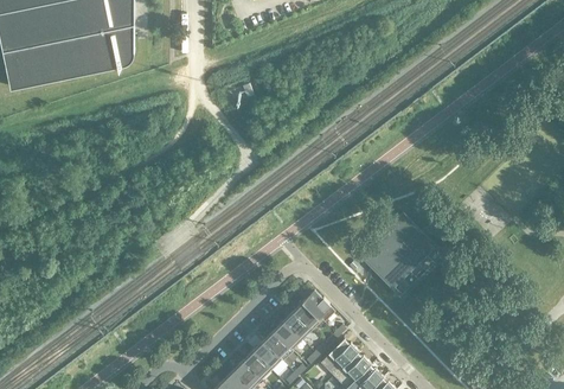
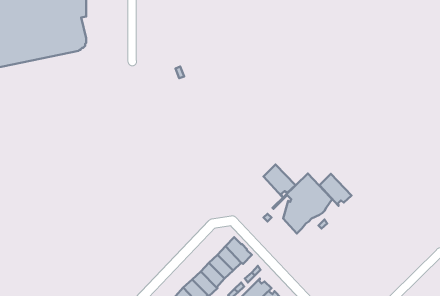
building: none -> [264,164,296,196]
building: none -> [320,174,352,206]

